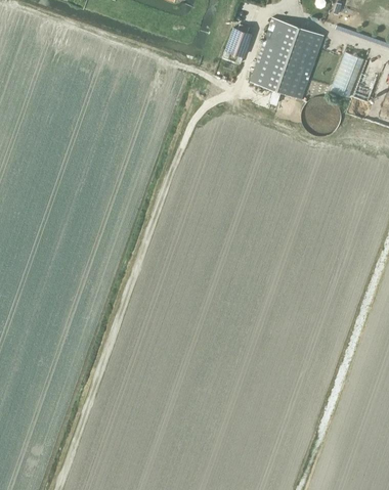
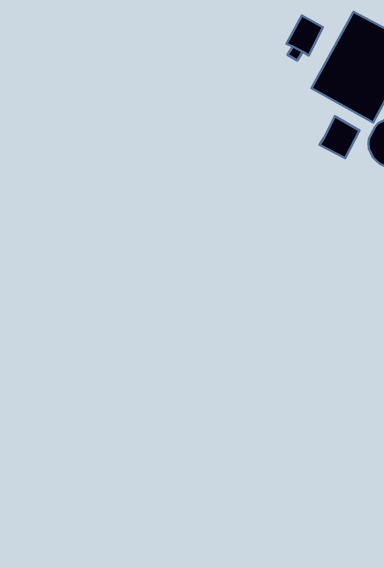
building: none -> [319,116,359,158]

